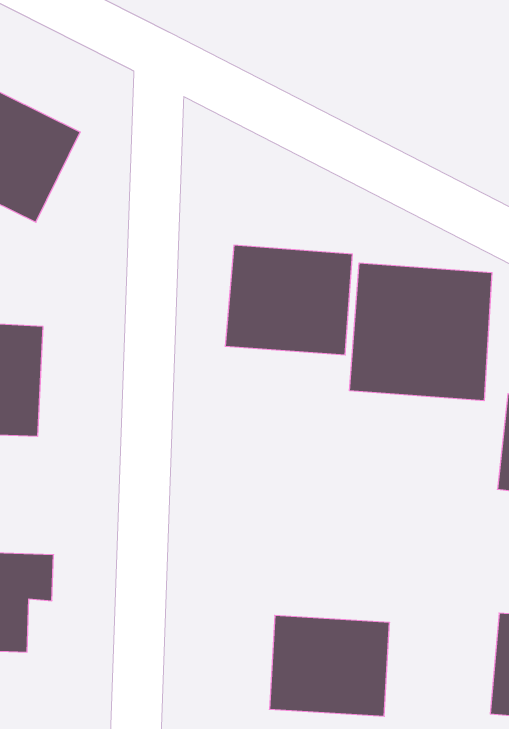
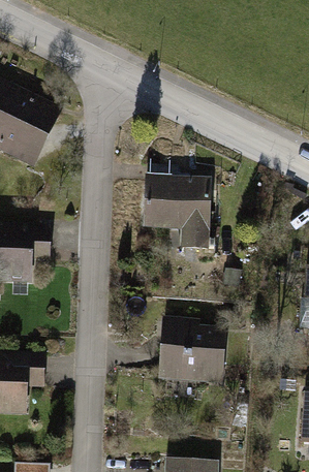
building: [350,263,492,401] -> none
building: [269,615,390,716] -> [159,323,229,382]

